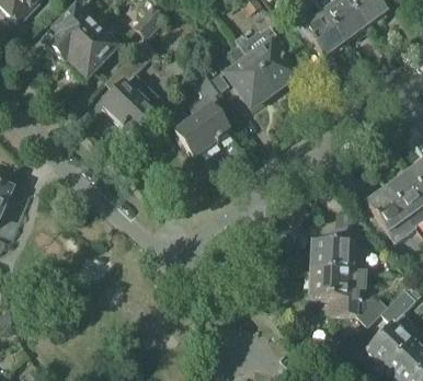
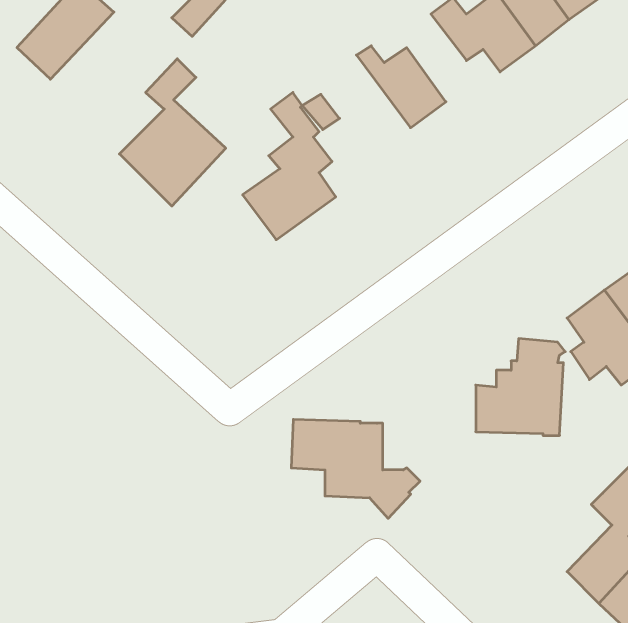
building: [61,22,119,82] -> none
building: [228,45,273,105] -> none
building: [310,268,386,326] -> [291,419,420,518]

